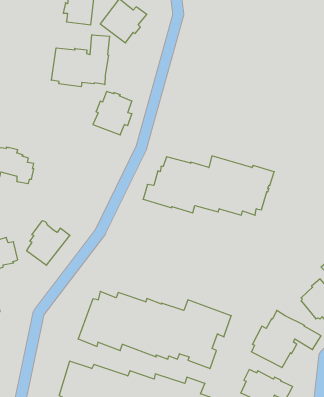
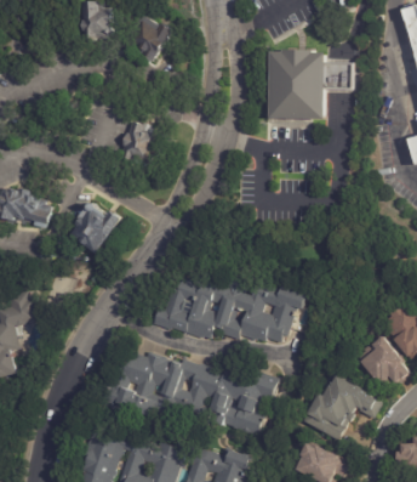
building: none -> [270,50,354,120]
building: [51,35,110,87] -> none
building: [143,156,274,215] -> [152,274,302,342]
building: [27,221,70,265] -> [74,202,124,253]

